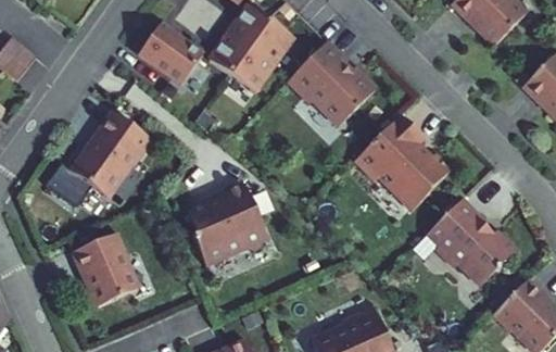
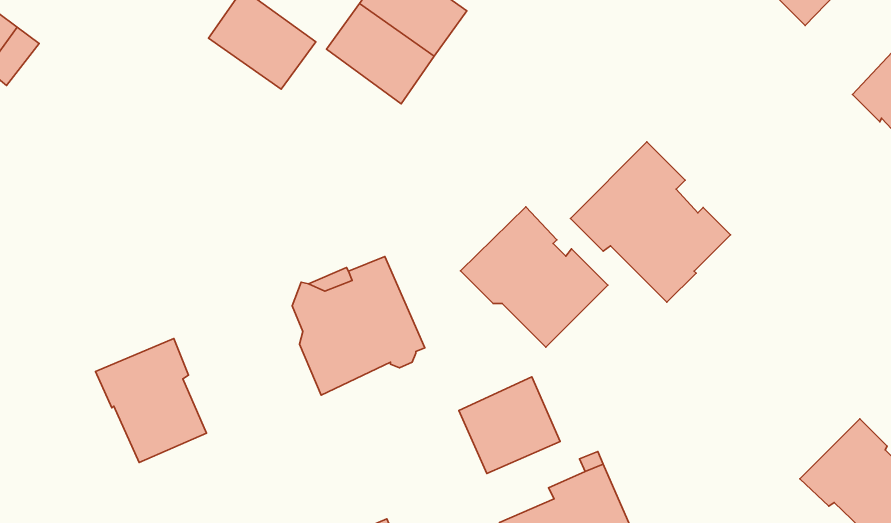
building: [288,41,376,125] -> [460,207,608,347]
building: [45,111,152,206] -> none
building: [427,198,516,285] -> none
building: none -> [459,377,560,473]

